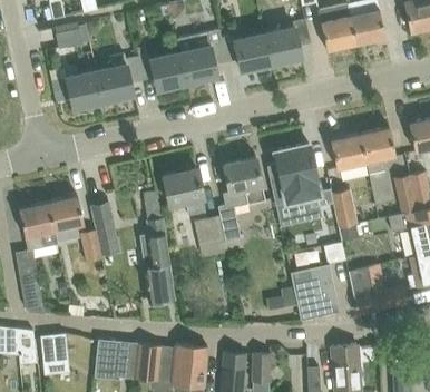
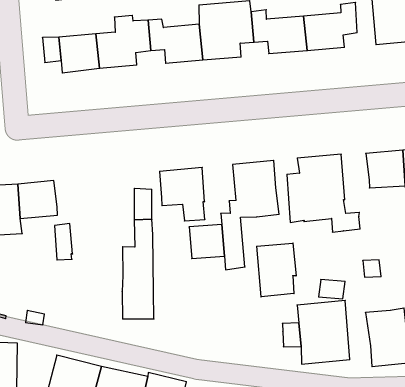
building: [331,189,356,227] -> none
building: [94,204,118,255] -> none
building: none -> [257,243,296,297]

